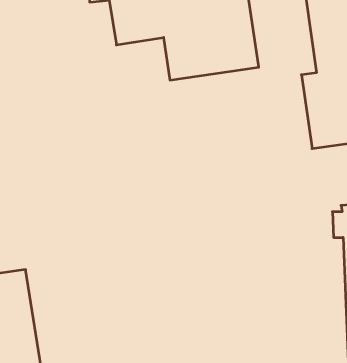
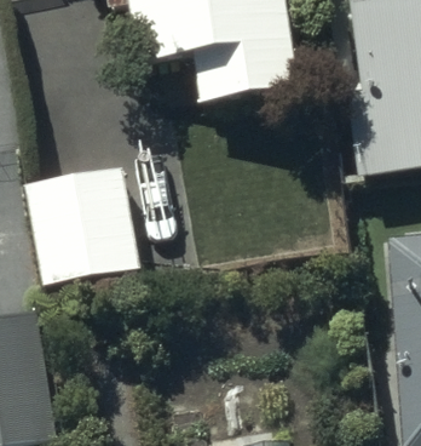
building: none -> [22,162,139,287]

